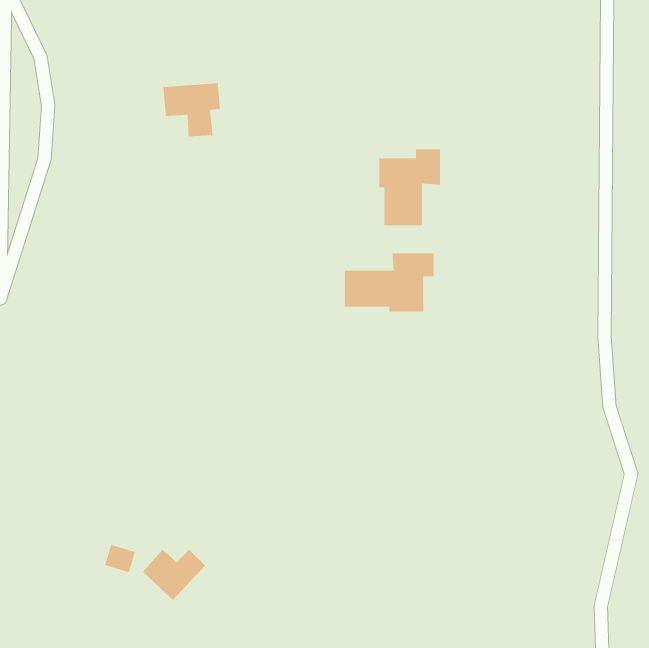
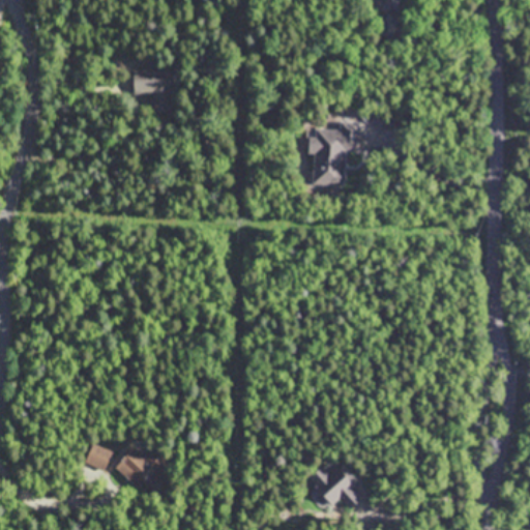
building: [344,253,434,312] -> none
building: none -> [308,467,360,508]

